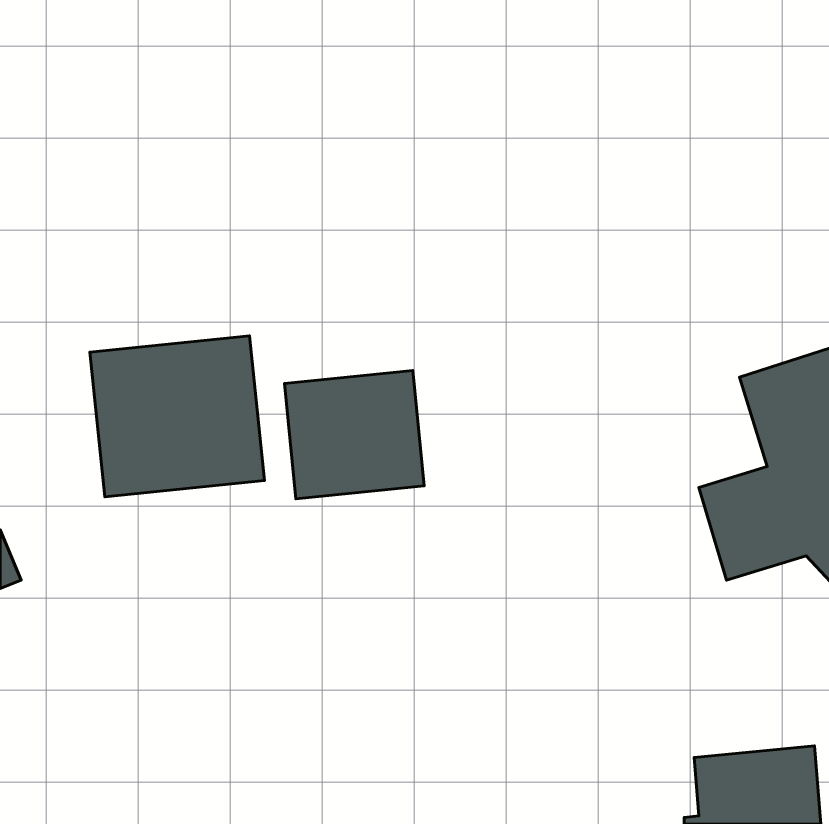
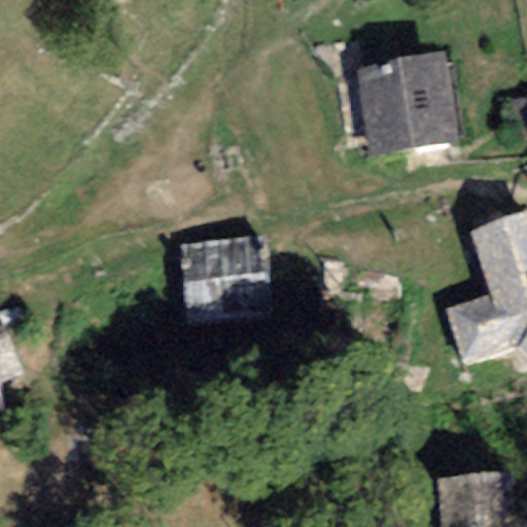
building: none -> [361,55,456,145]
building: [90,336,264,497] -> none

